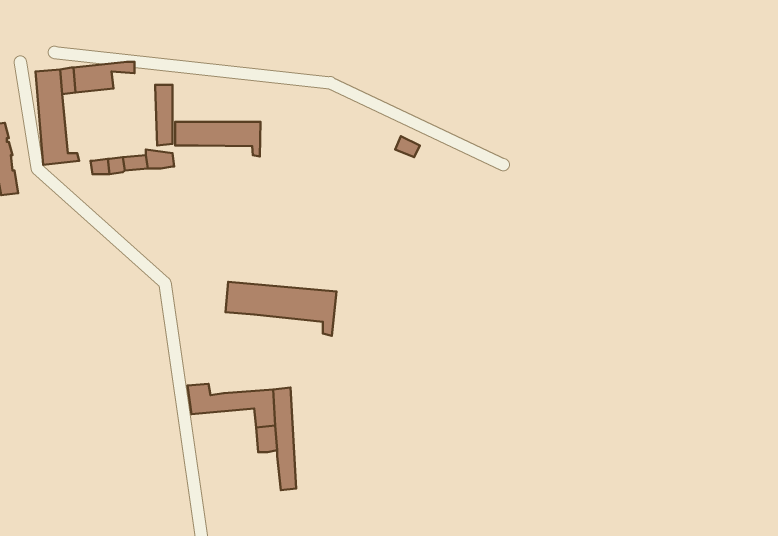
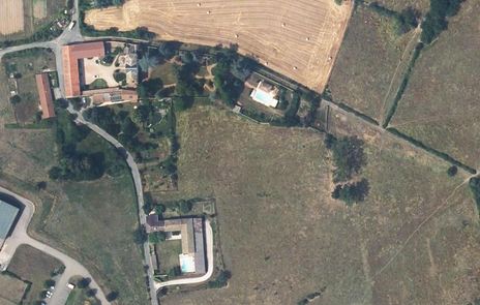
building: [175,122,261,156] -> none
building: [226,282,337,336] -> none

